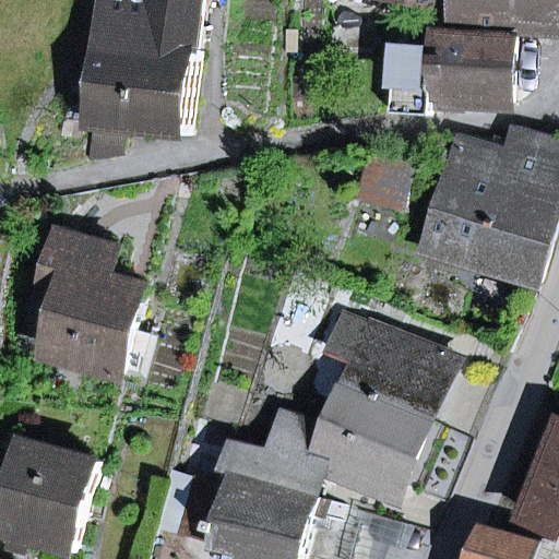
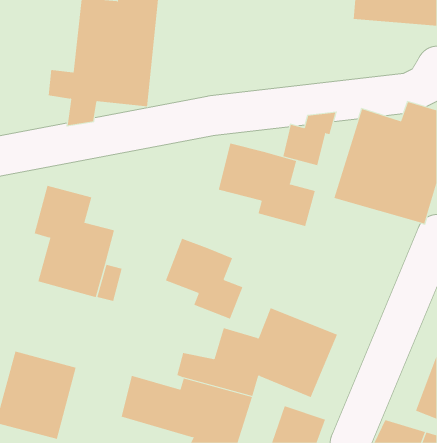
building: [389,33,511,116] -> none
building: none -> [218,143,315,227]
building: none -> [165,238,243,320]
building: [324,317,450,420] -> none

